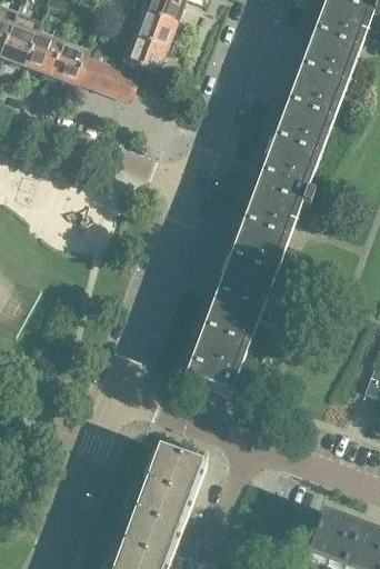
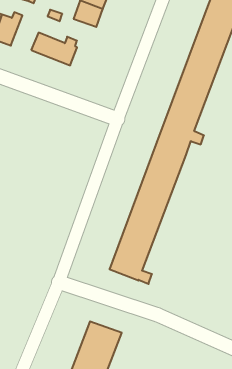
building: [51,31,90,82] -> none
building: [128,36,168,72] -> none

